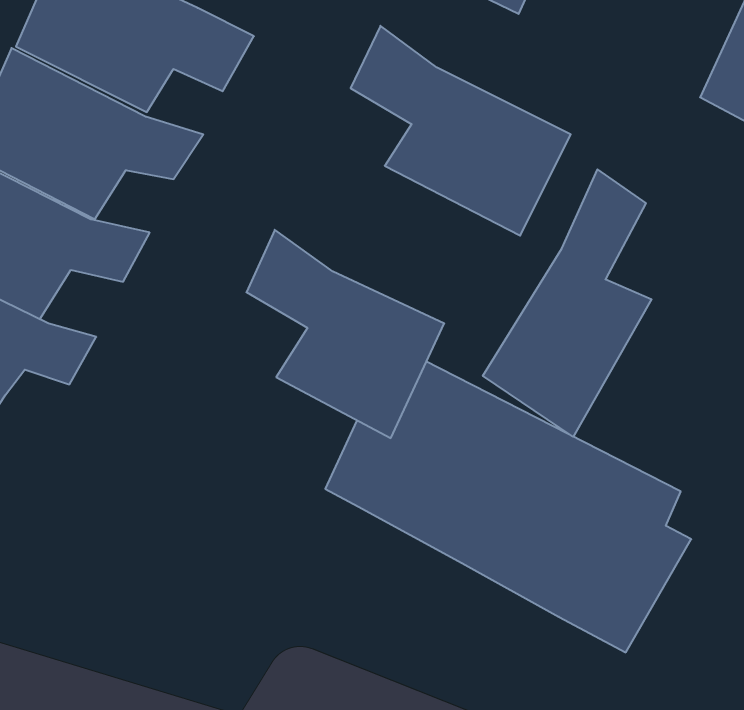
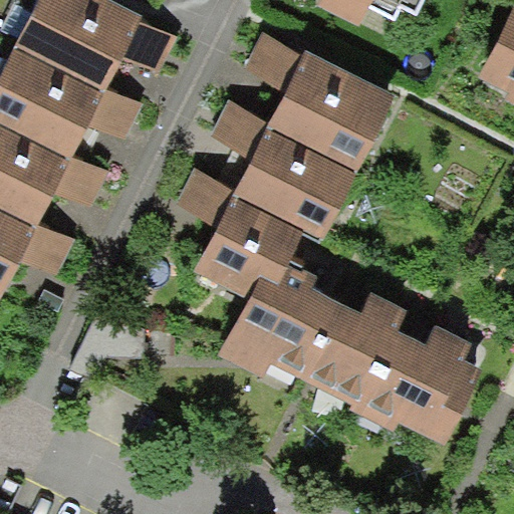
building: none -> [211,98,359,240]
building: [483,169,652,437] -> none

